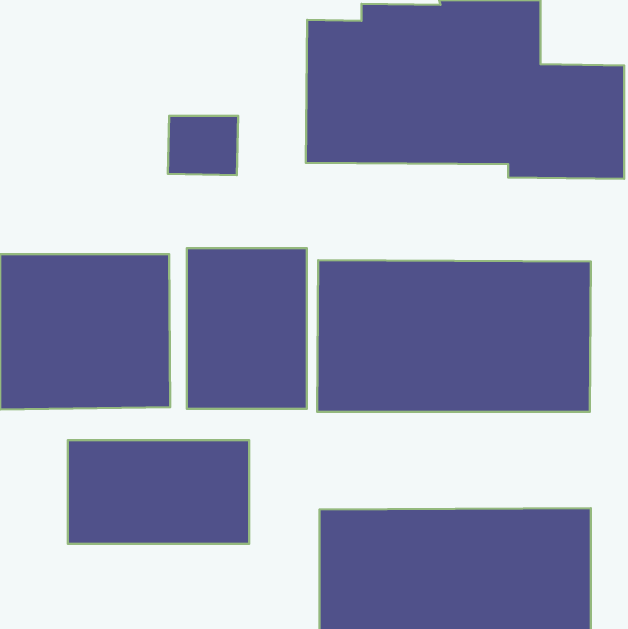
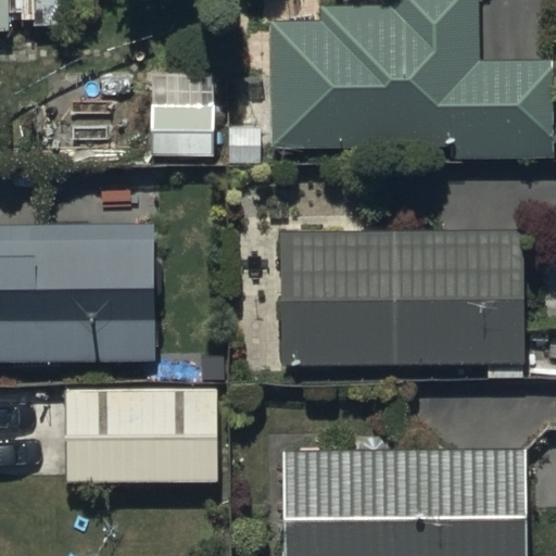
building: [187,248,307,409] -> none

